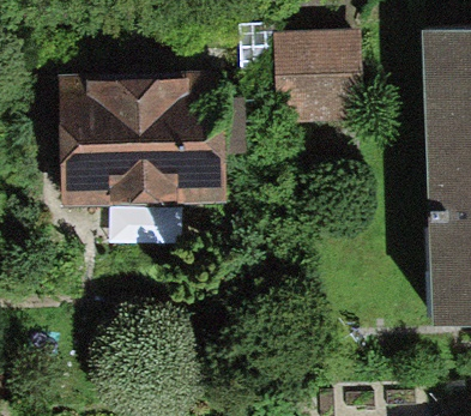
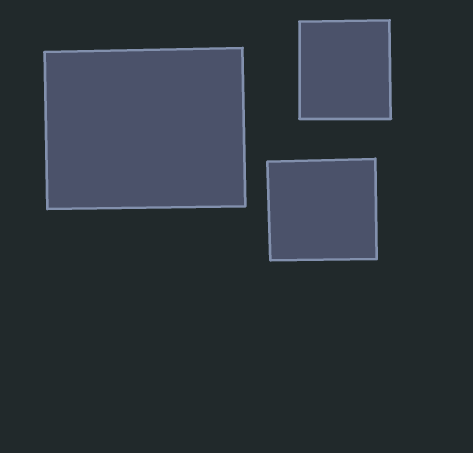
building: none -> [268,159,377,260]

